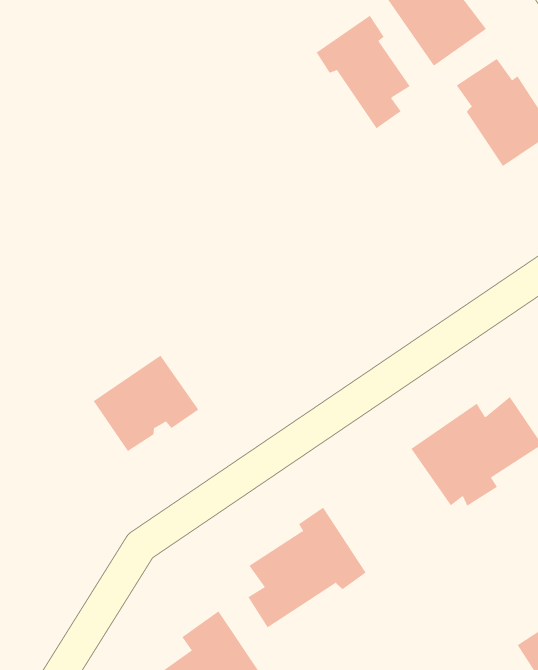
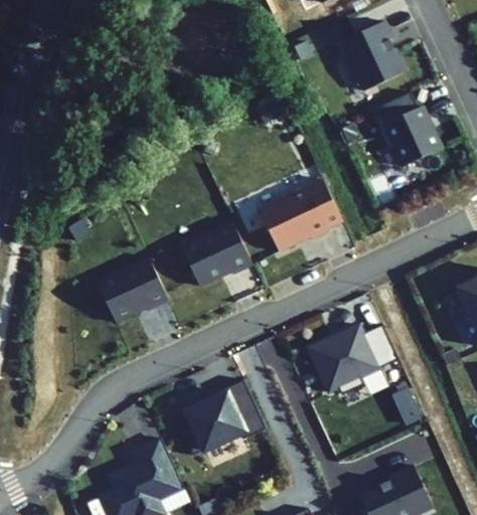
building: [316,15,410,129] -> none
building: none -> [257,181,341,252]
building: none -> [181,223,251,287]

